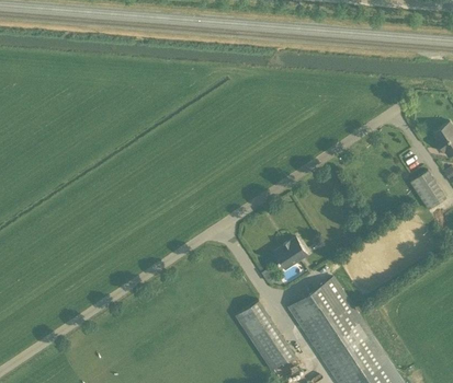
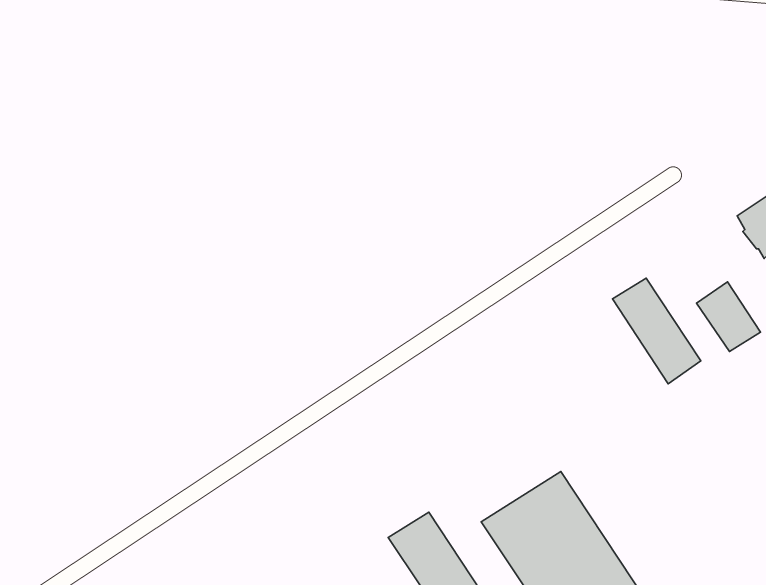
building: none -> [613,278,701,384]
building: [273,241,307,272] -> none

